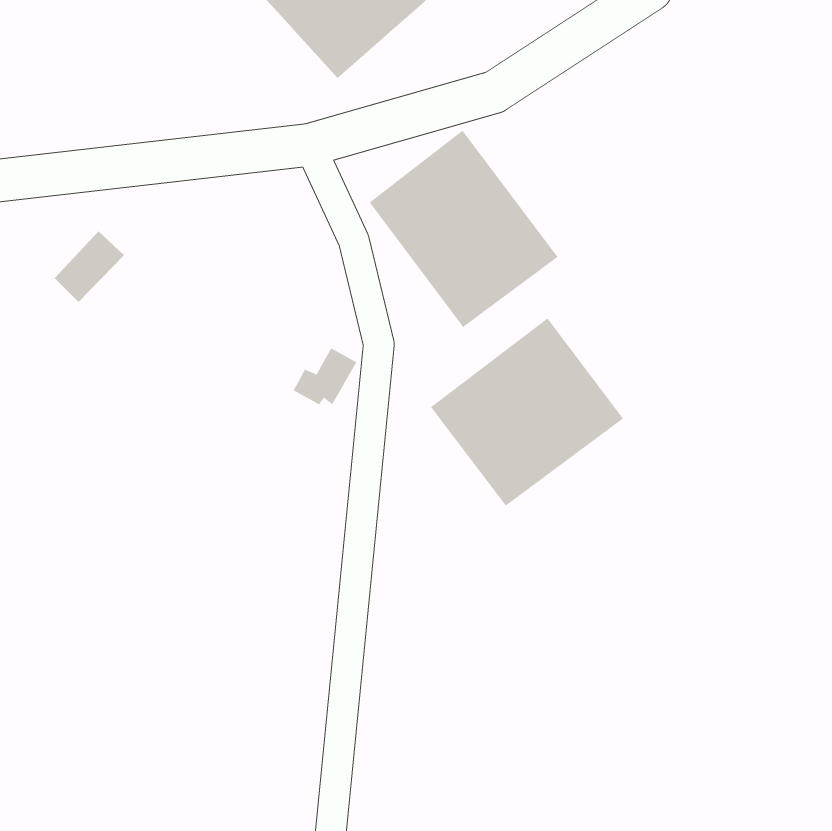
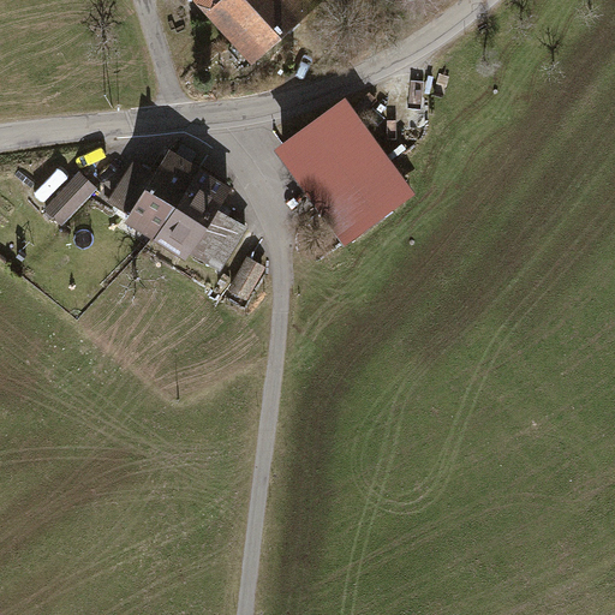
building: none -> [108,148,247,271]
building: [430,318,624,507] -> none

